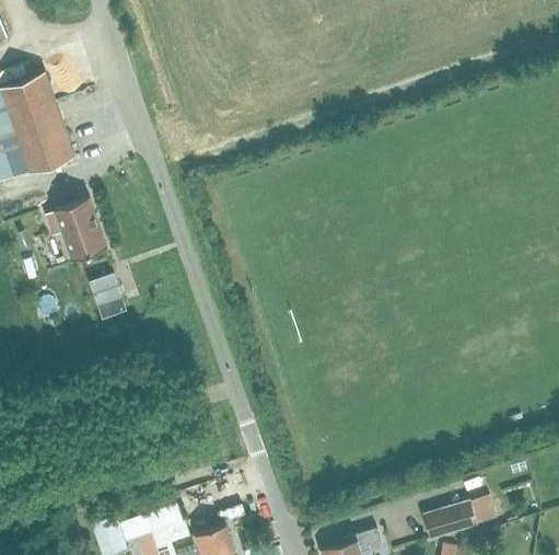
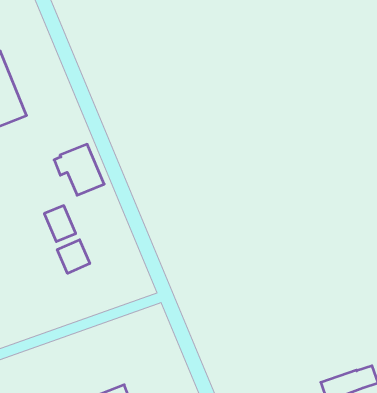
building: [46,198,107,262] -> [54,144,104,195]
building: none -> [57,240,90,273]

